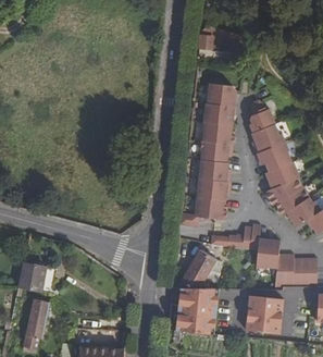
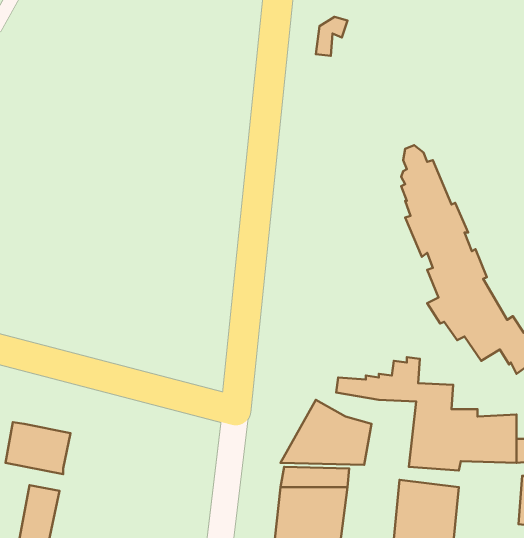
building: [179,78,235,226] -> none

